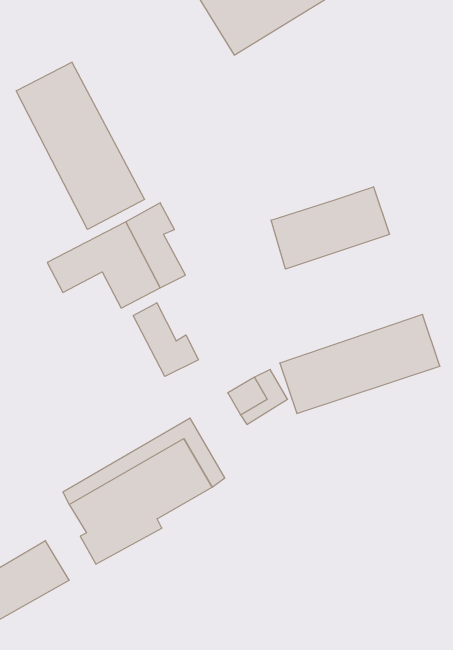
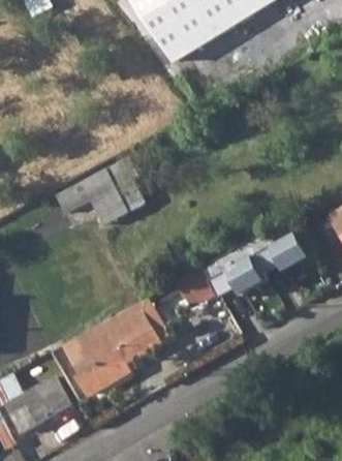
building: [16,62,145,229] -> none
building: [271,187,390,269] -> none
building: [133,303,198,376] -> none

